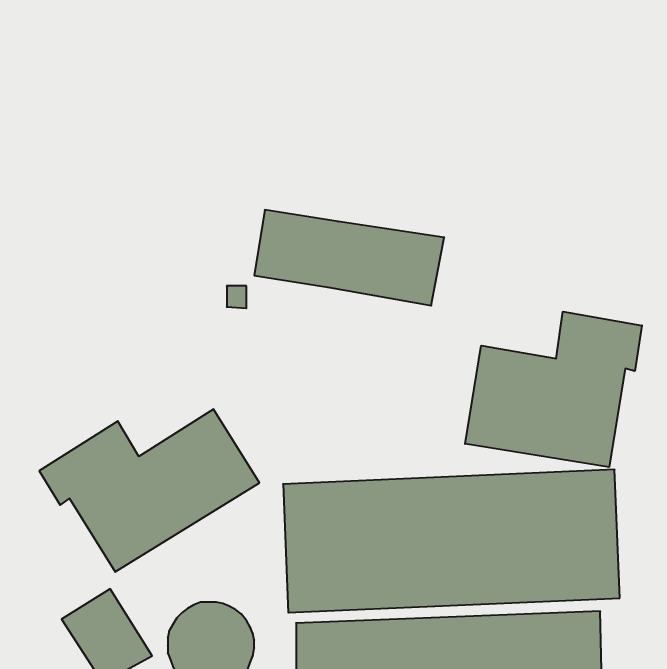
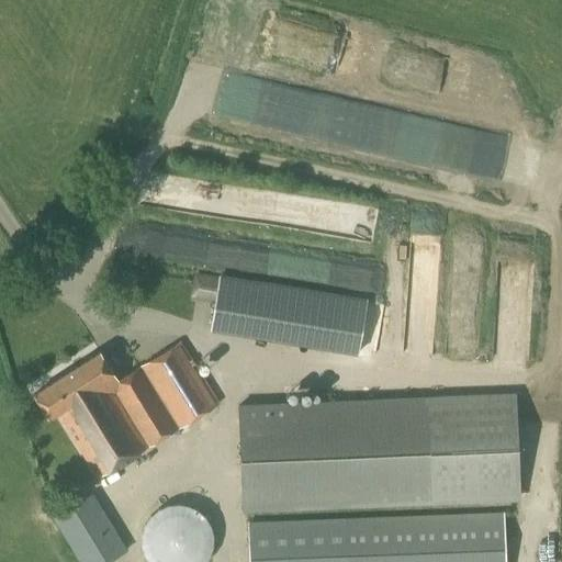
building: [254,210,444,306] -> [211,277,370,357]
building: [465,312,642,467] -> none

